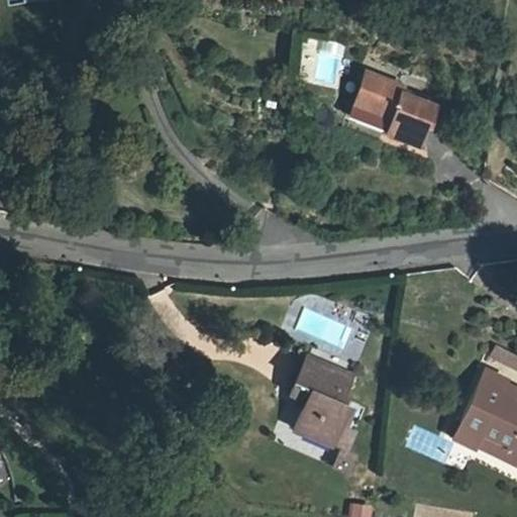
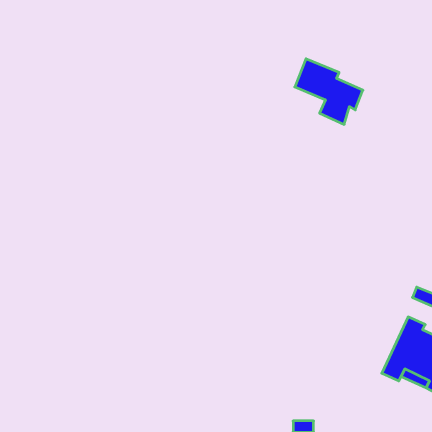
building: [290,361,351,447] -> none

